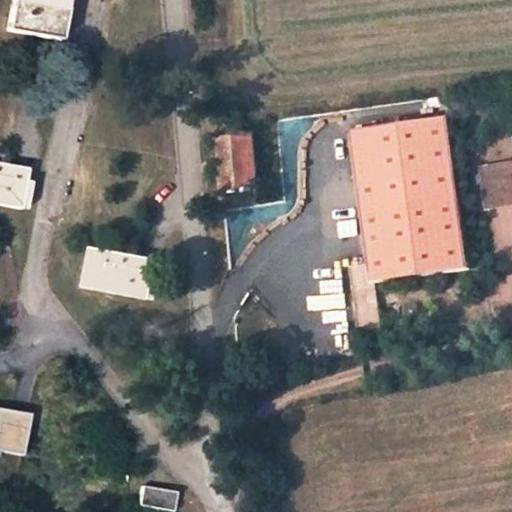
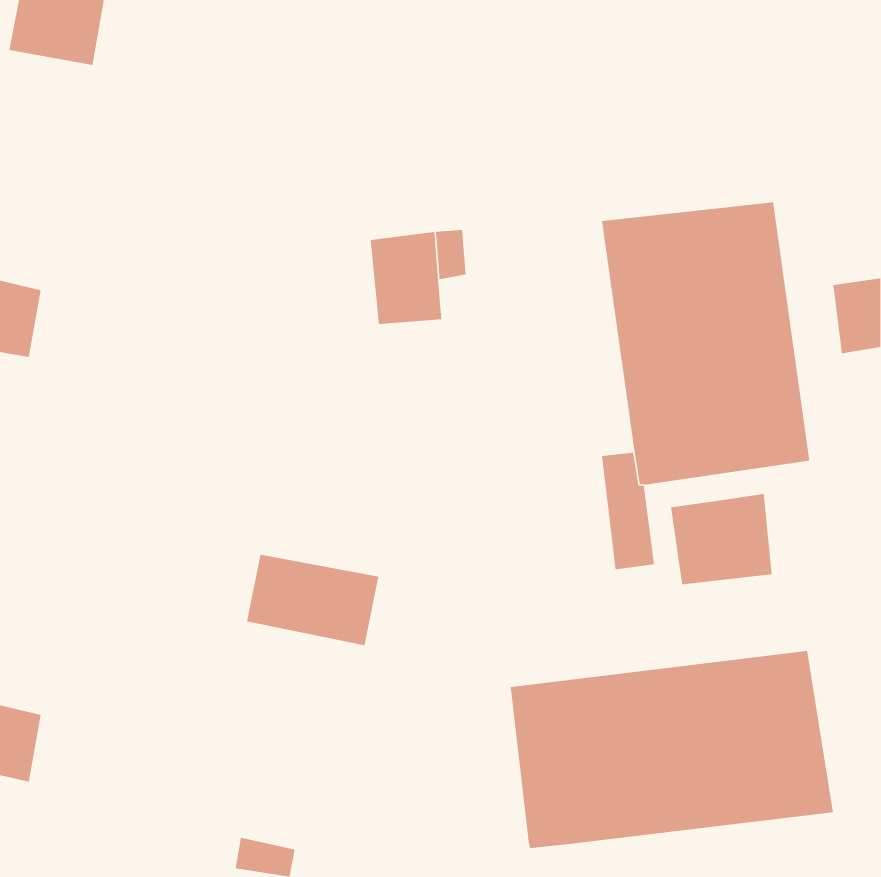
building: [80,246,157,299] -> [246,554,379,646]
building: none -> [671,493,772,585]
building: none -> [510,650,833,849]

